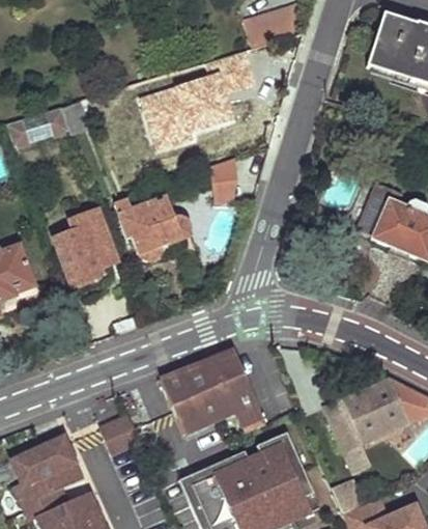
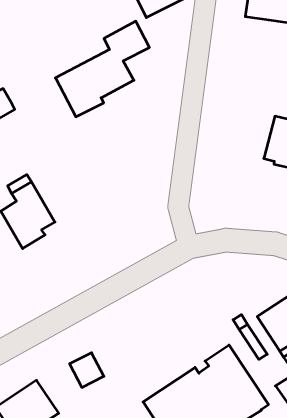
building: [213,158,237,200] -> none
building: [118,206,189,261] -> none
building: [160,350,265,433] -> none

